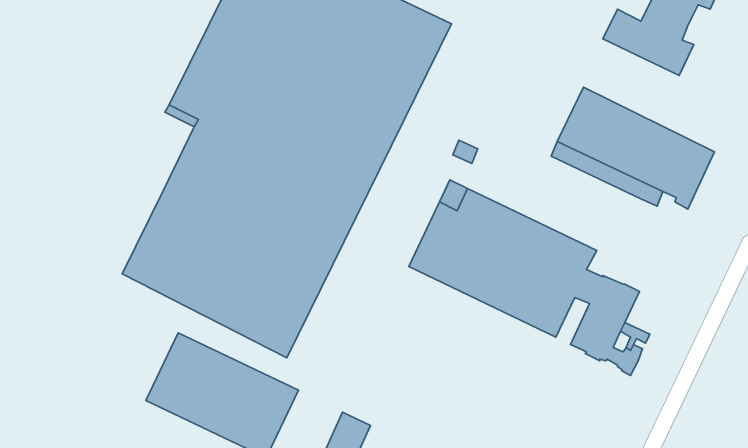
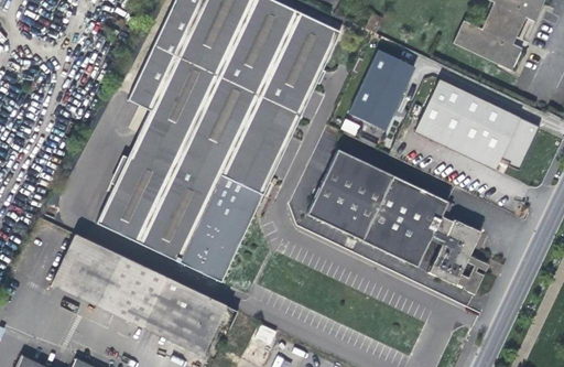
building: none -> [349,48,413,128]
building: none -> [52,234,135,313]

